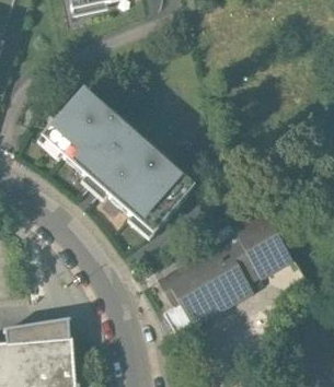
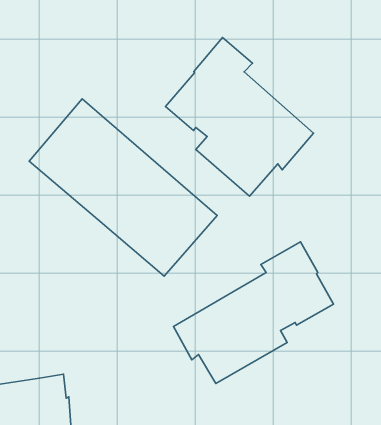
building: none -> [166,38,313,196]

